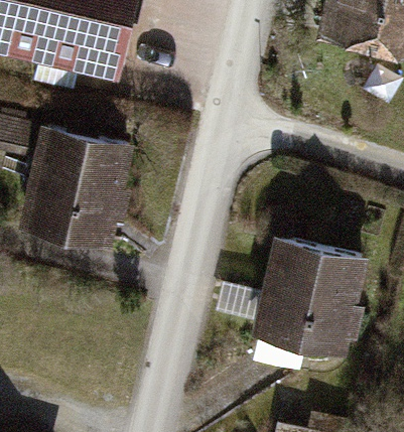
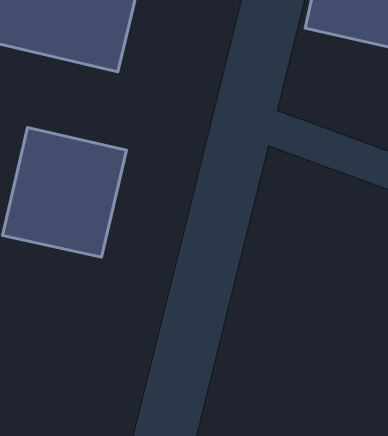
building: [253,235,371,357] -> none

